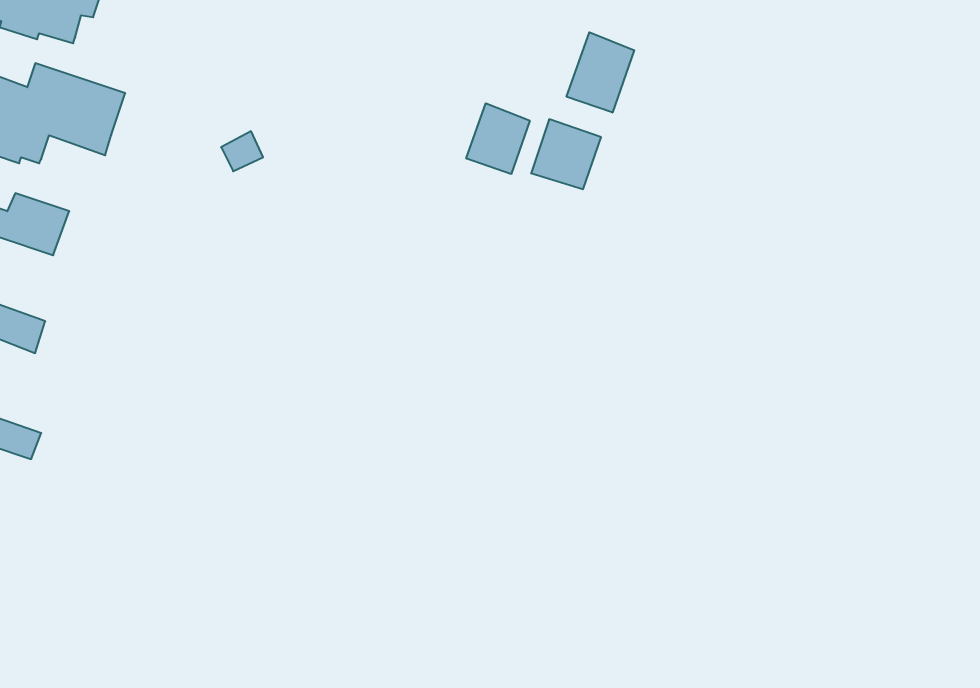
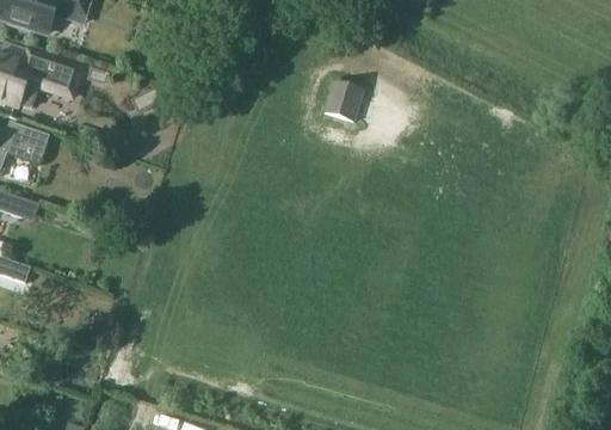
building: [567,32,634,113] -> none
building: [466,103,530,174] -> none

